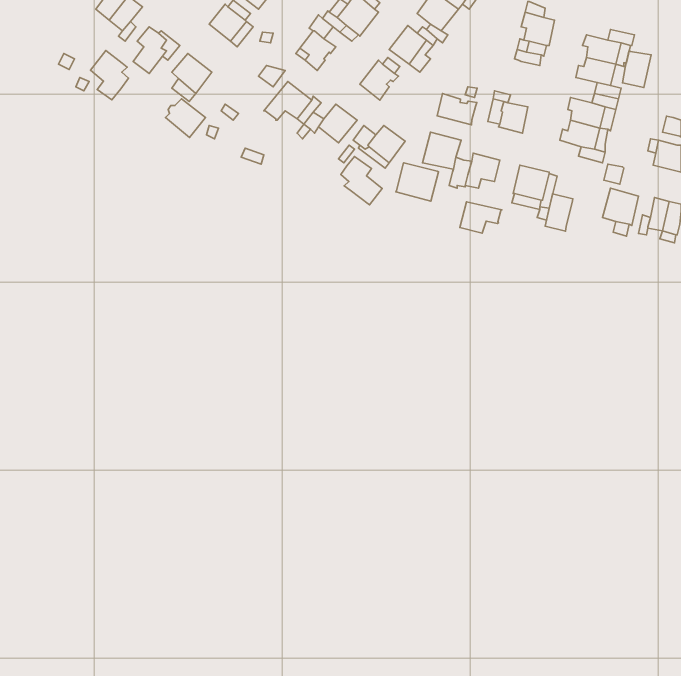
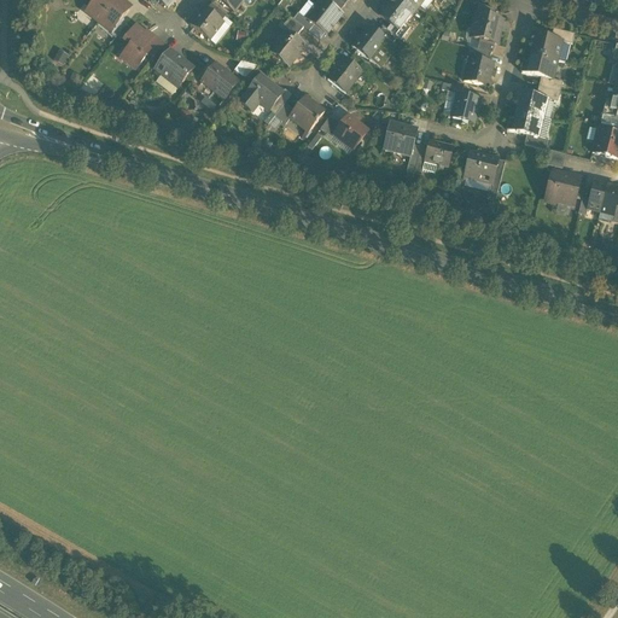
building: [91,51,128,100] -> none
building: [622,51,651,88] -> none
building: none -> [466,56,494,83]
building: [437,94,477,125] -> none
building: [166,99,205,137] -> [202,62,238,97]
building: [341,156,382,205] -> none
building: [396,163,439,201] -> none
building: [545,194,573,231] -> none
building: [460,202,502,233] -> none

